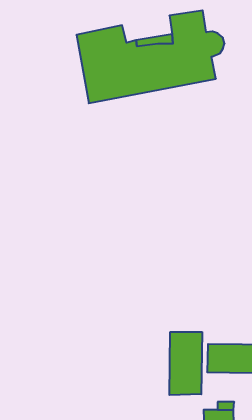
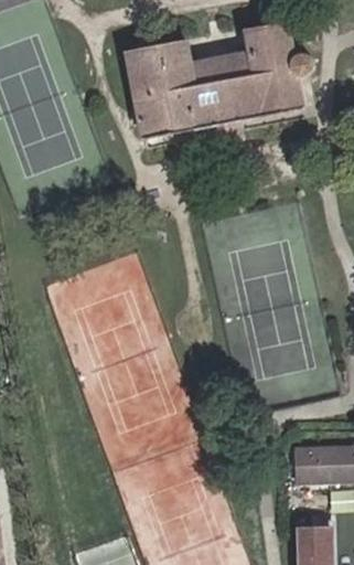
building: [169,332,202,395] -> none

